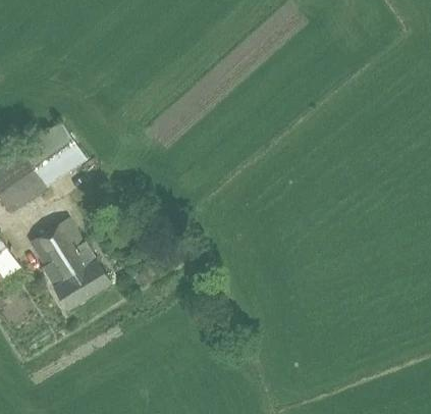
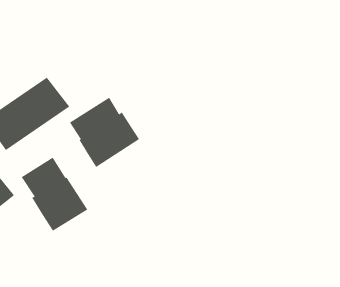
building: none -> [69,97,140,168]

